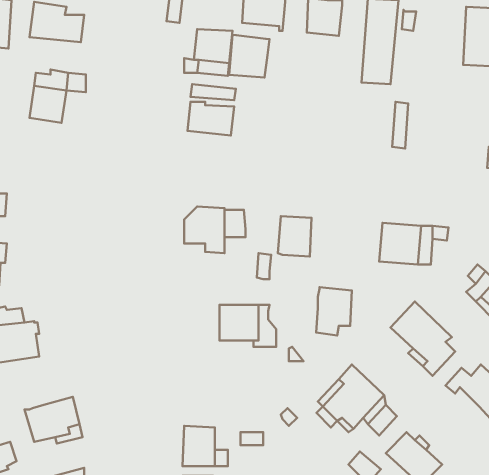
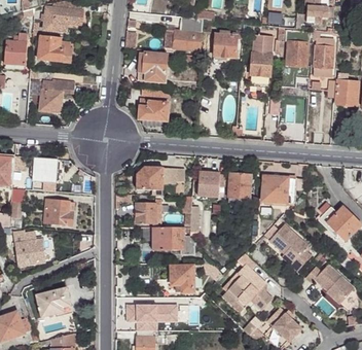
building: none -> [287,40,311,65]
building: [229,35,270,78] -> none
building: none -> [31,159,56,183]
building: none -> [49,201,72,224]
building: none -> [136,204,156,223]
building: [316,287,352,336] -> [227,173,250,204]
building: none -> [171,267,192,291]

